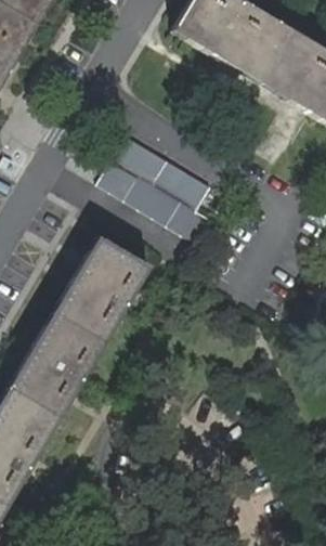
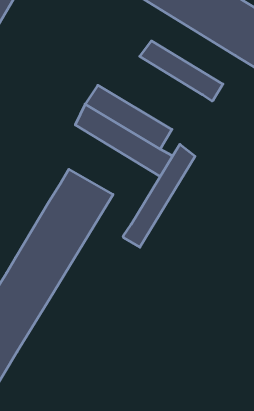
building: none -> [140,41,223,101]
building: none -> [123,144,195,247]

